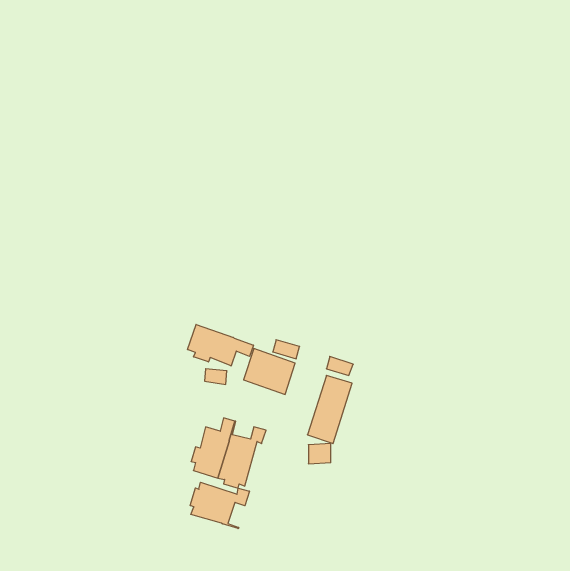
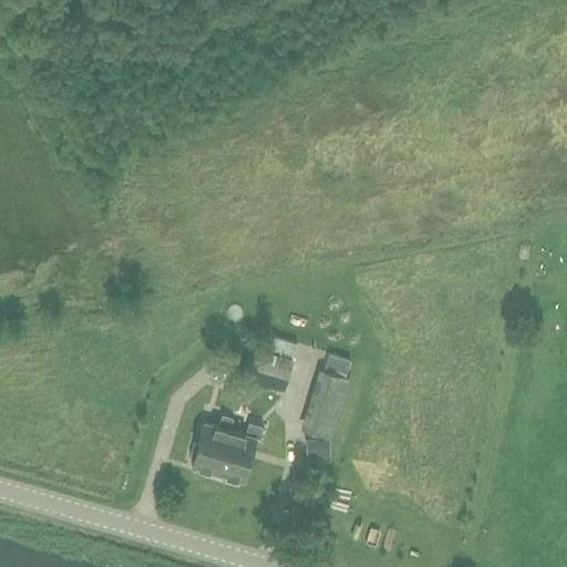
building: [188,324,253,366] -> none
building: [190,482,249,529] -> none

